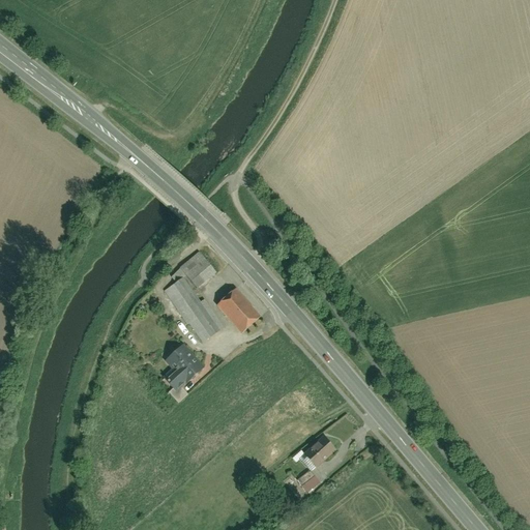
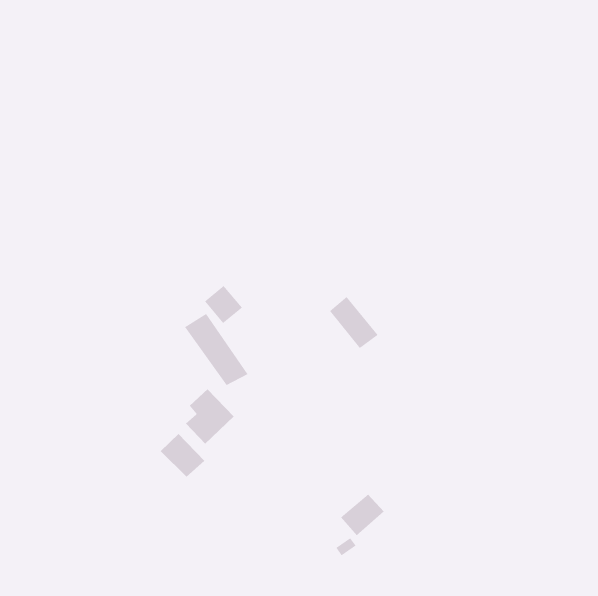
building: [217,285,261,331] -> [329,296,378,349]
building: none -> [160,433,205,478]

